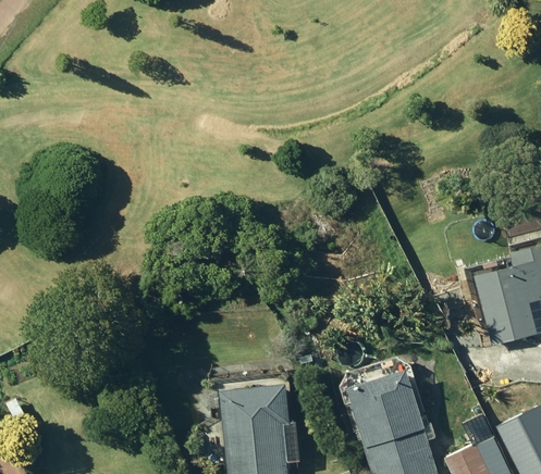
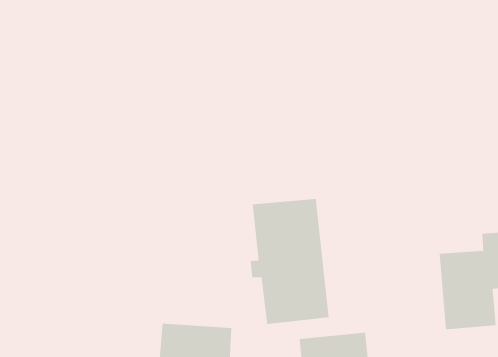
building: none -> [250,198,329,325]

